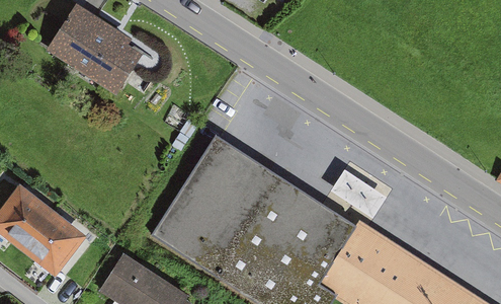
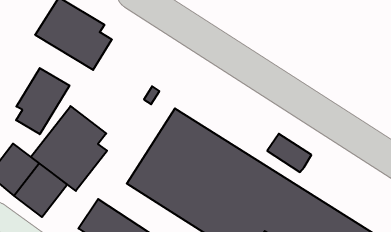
building: none -> [16,68,69,134]
building: none -> [31,106,107,191]

